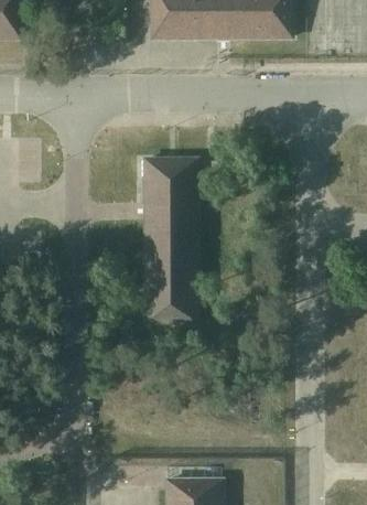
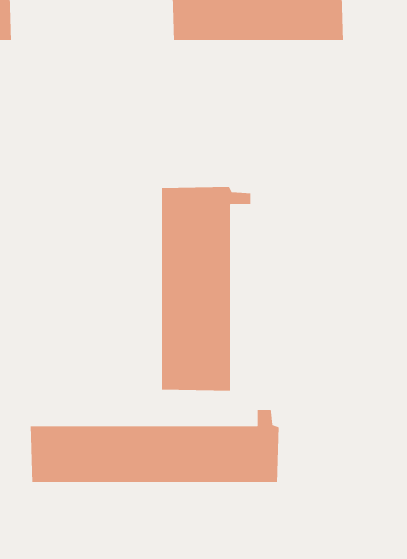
building: none -> [30,409,280,483]

